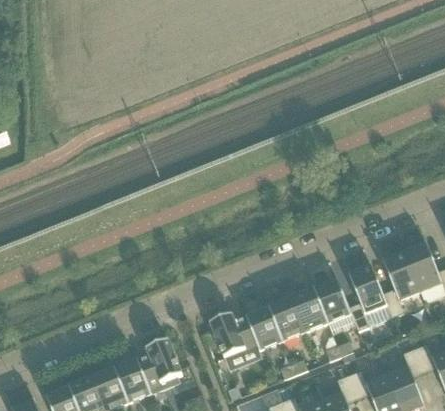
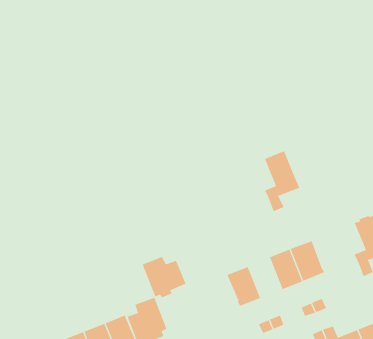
building: [349,264,388,330] -> [264,151,300,212]
building: [269,296,306,340] -> none
building: [210,313,258,358] -> [142,256,187,298]

